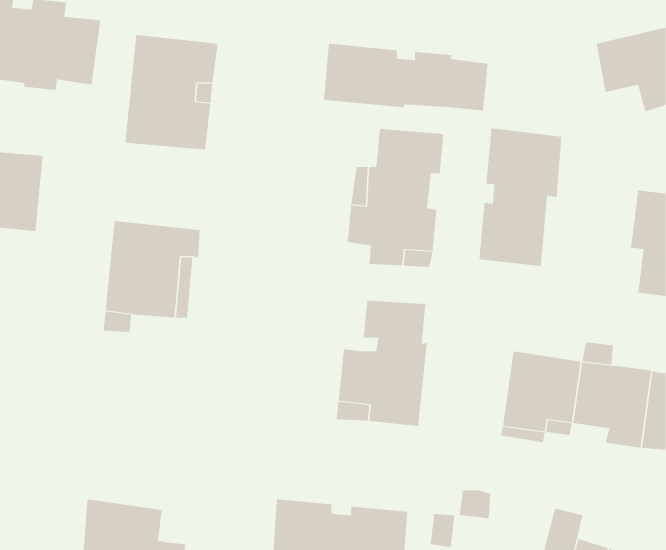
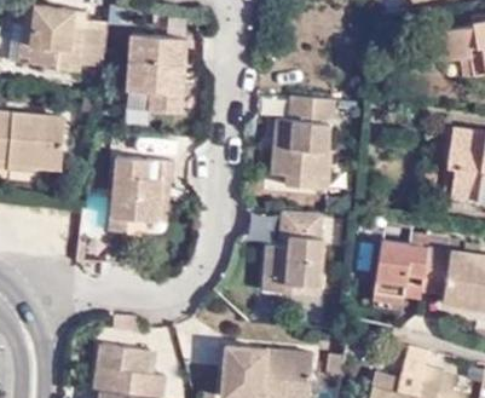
building: [324,43,488,111] -> none
building: [479,127,562,267] -> none

